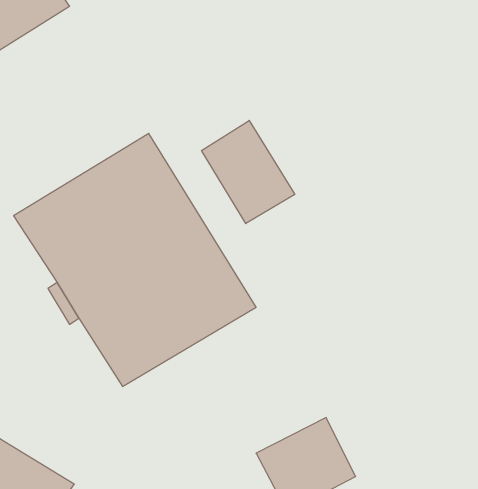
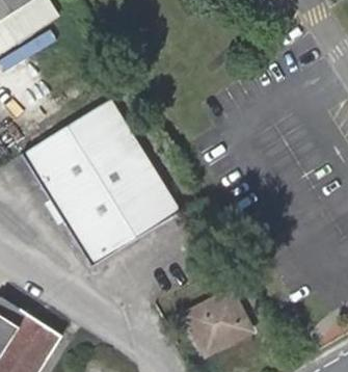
building: [202,120,295,224] -> none

